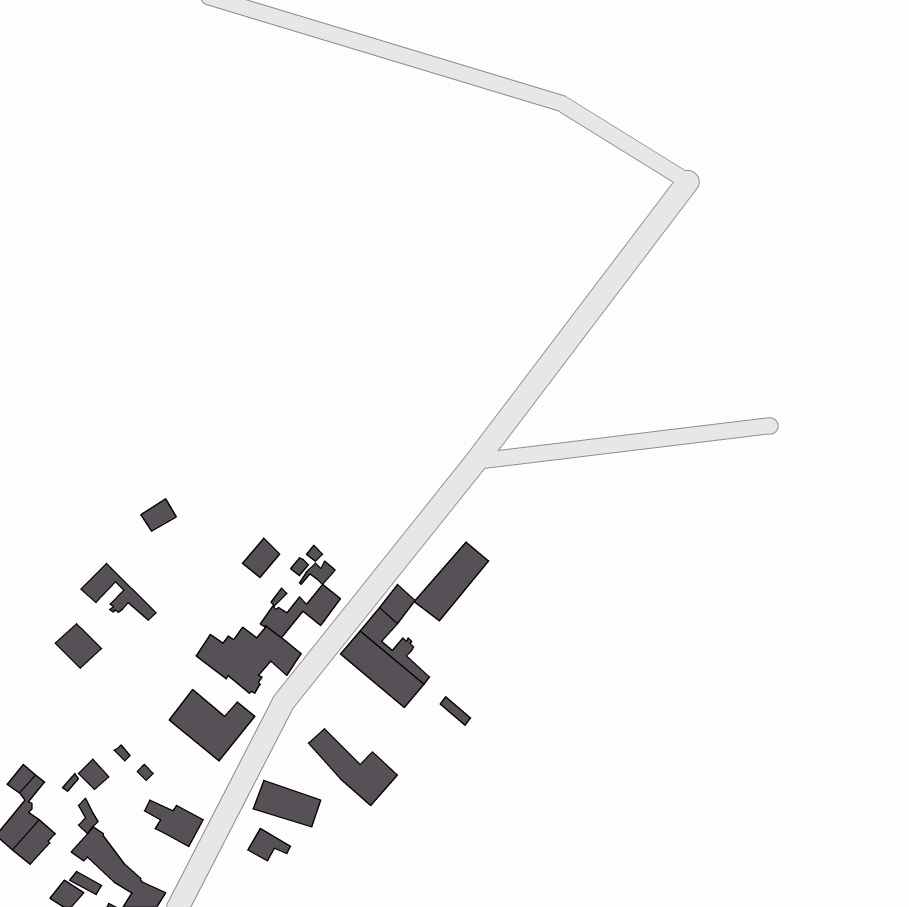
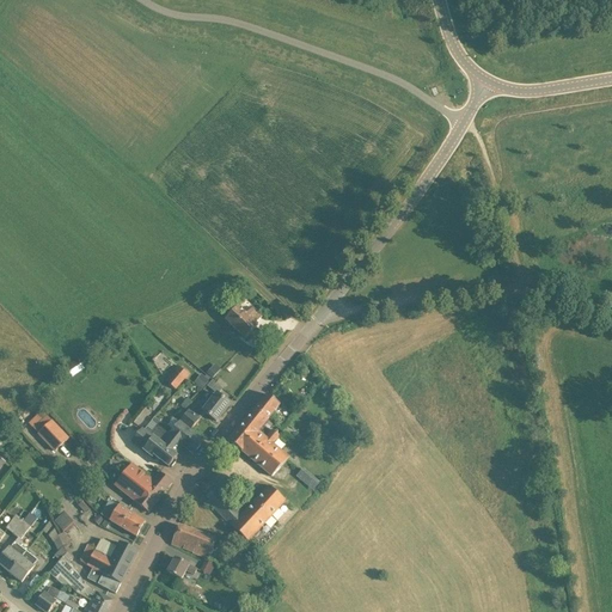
building: none -> [224,304,261,336]
building: [414,542,489,621] -> none
building: [81,563,156,620] -> none
building: none -> [250,484,286,520]
building: none -> [109,500,145,534]
building: none -> [86,544,127,592]

